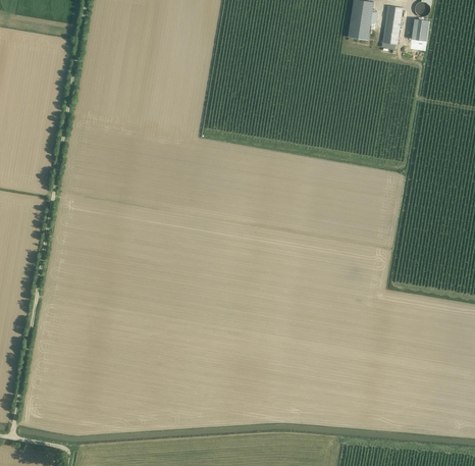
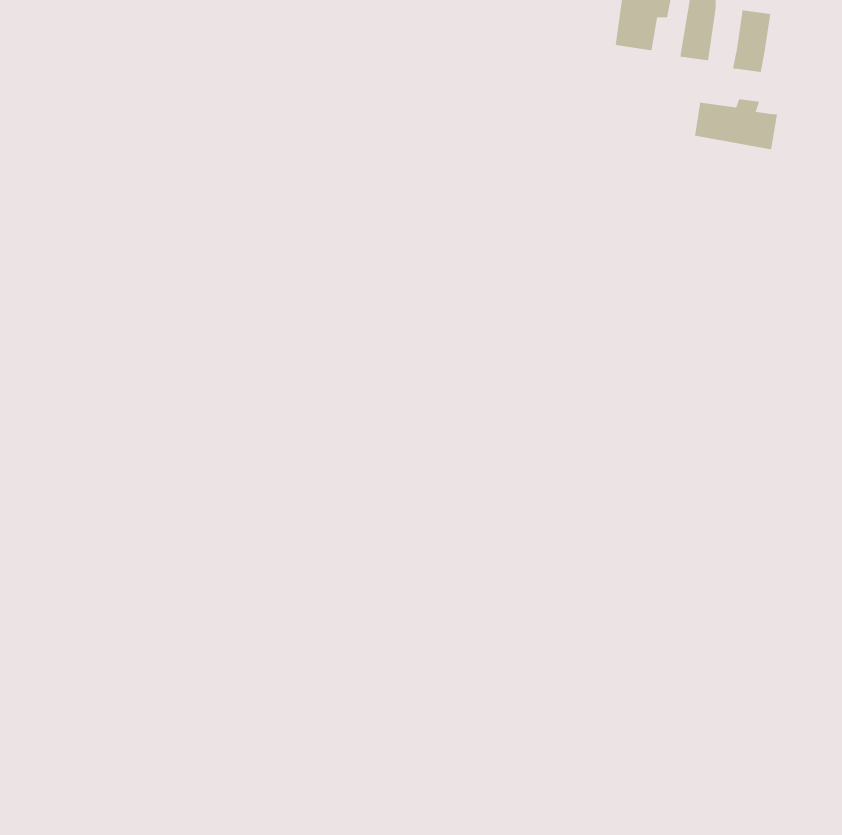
building: none -> [695,98,778,150]

